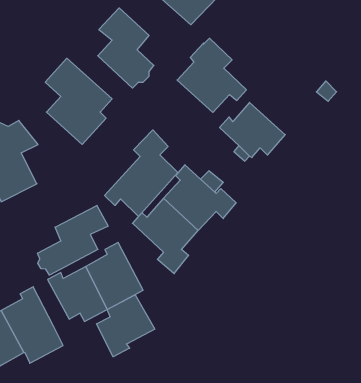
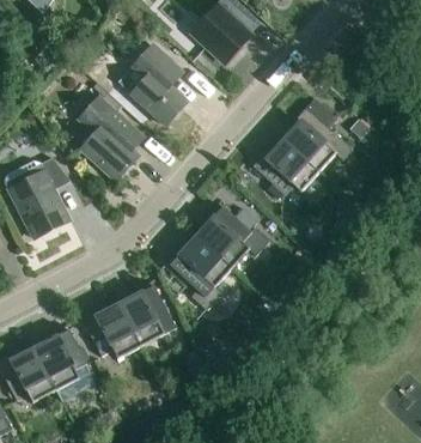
building: [177,38,246,112] -> [282,97,352,171]
building: [105,130,178,217] -> none
building: [38,205,108,275] -> none
building: [97,295,155,357] -> none

